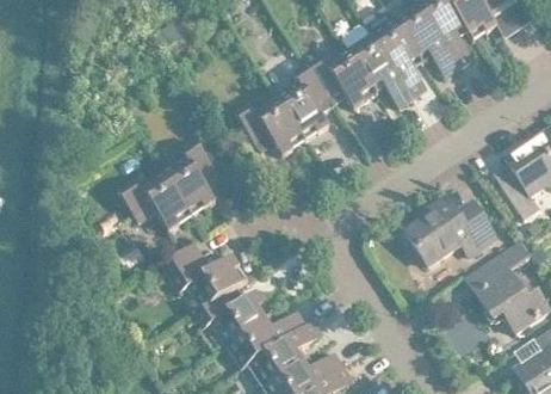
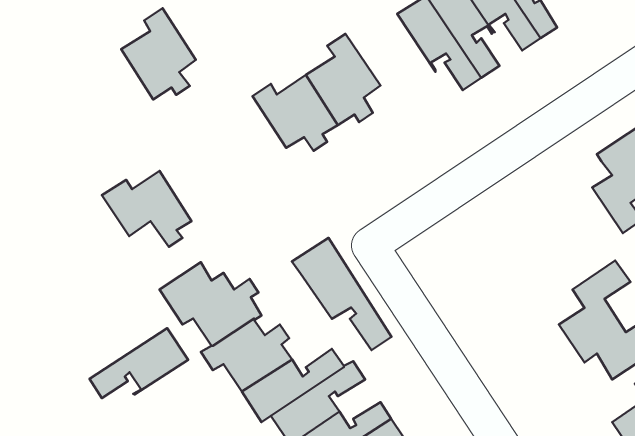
building: [308,48,378,109] -> none
building: [162,138,221,210] -> [121,8,196,100]
building: [405,196,496,265] -> none
building: none -> [292,238,392,350]
building: none -> [89,328,188,398]

